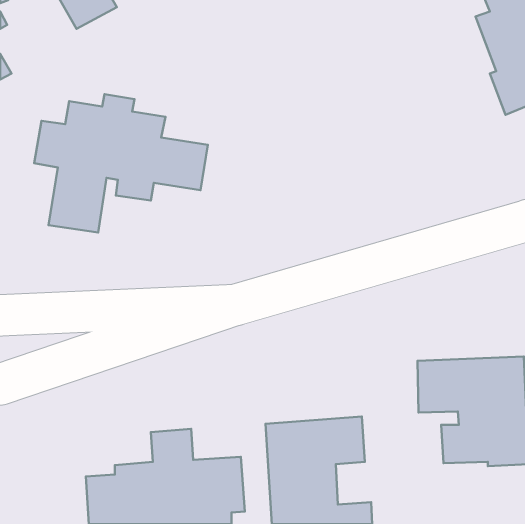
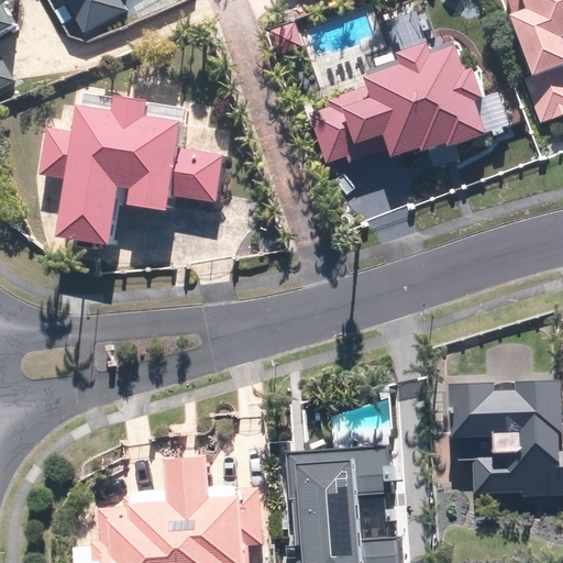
building: none -> [311,45,484,164]

